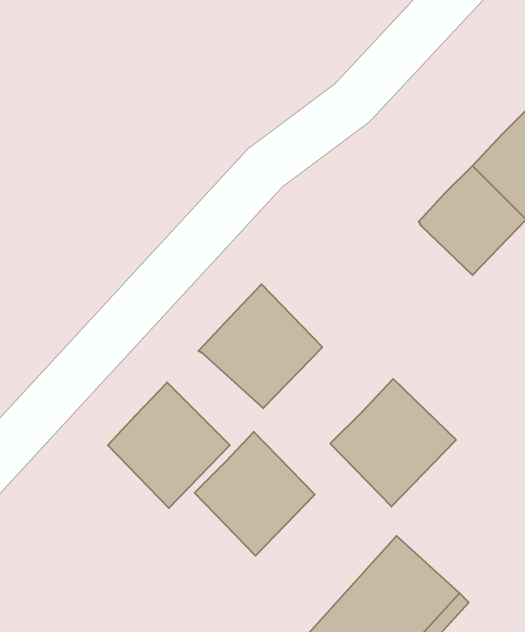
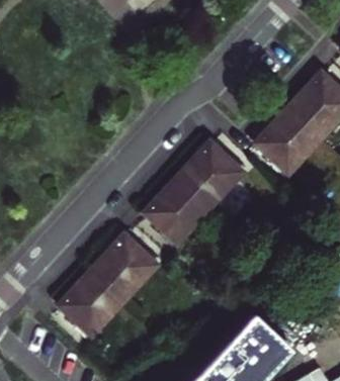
building: [330,379,456,507] -> [176,139,245,209]
building: [195,432,315,556] -> [60,263,125,330]

